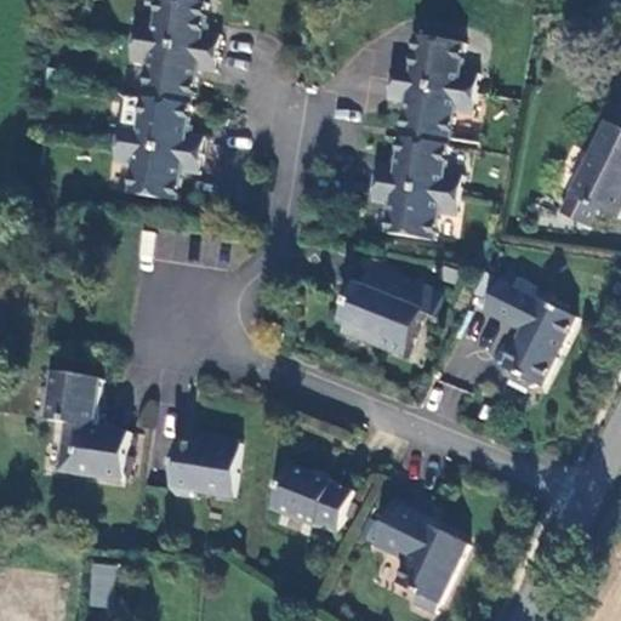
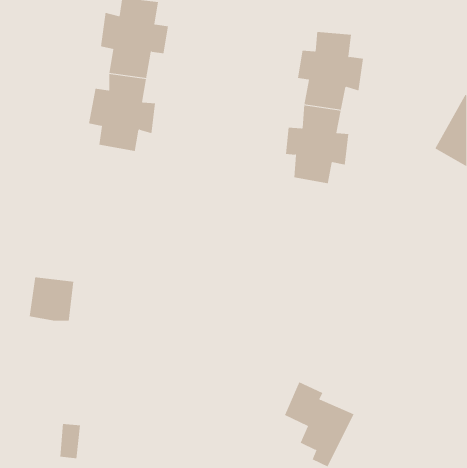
building: [340,267,440,355] -> none
building: [479,279,571,387] -> none
building: [67,420,126,475] -> none
building: [166,435,239,491] -> none
building: [270,457,353,531] -> none

